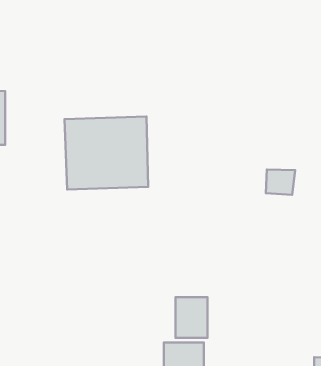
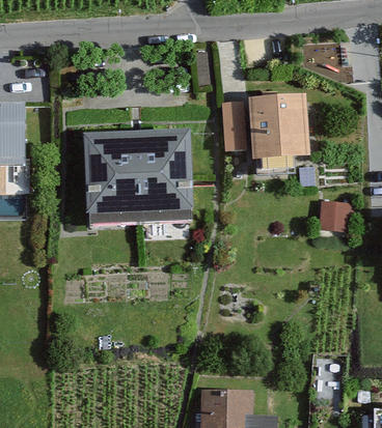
building: none -> [224,93,305,153]
building: [175,297,207,338] -> none

